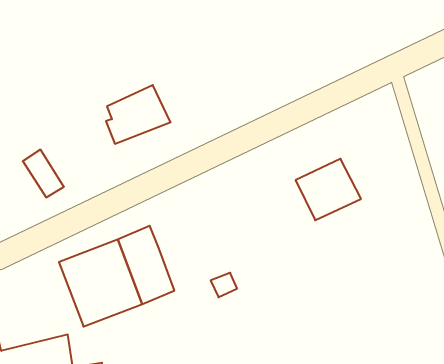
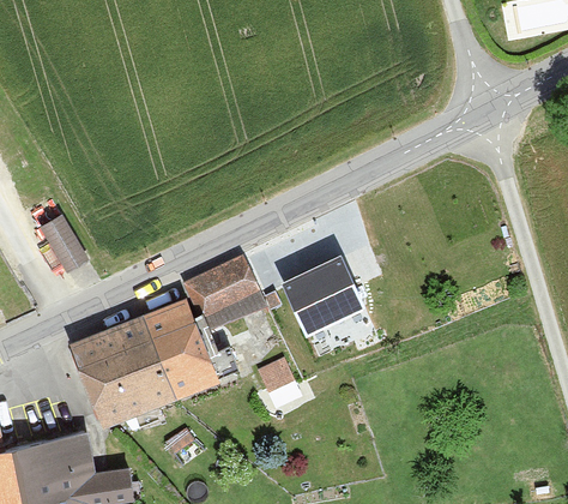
building: [106,85,171,144] -> [186,257,265,329]
building: [296,159,361,220] -> [284,257,364,332]

